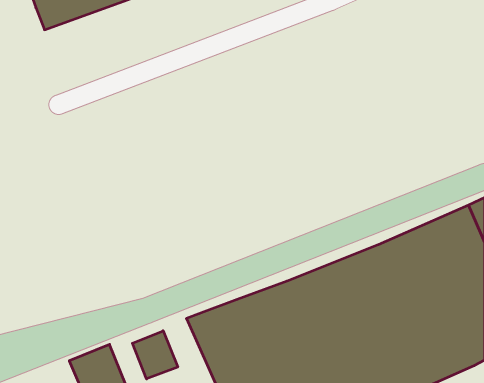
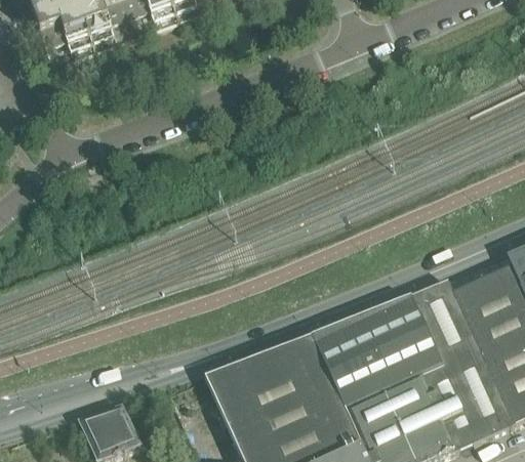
building: [132,331,178,379] -> none

